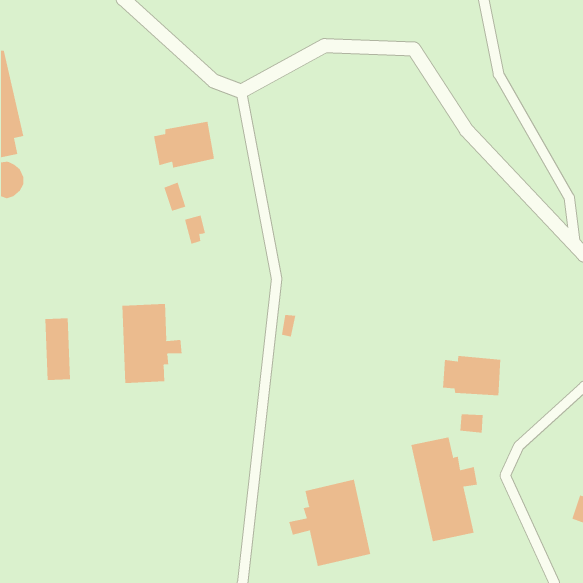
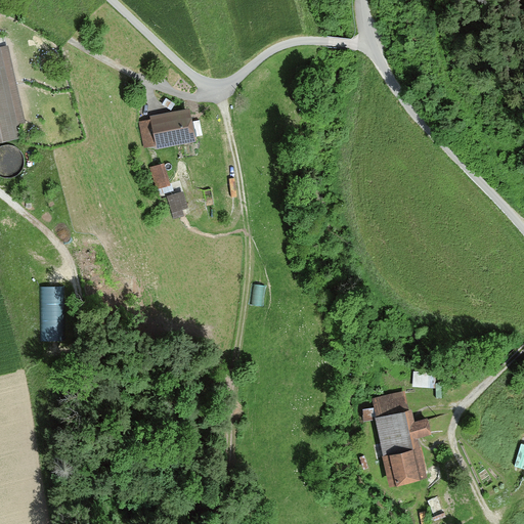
building: [122,303,182,384] -> none
building: [443,355,501,396] -> none
building: [288,479,371,567] -> none

